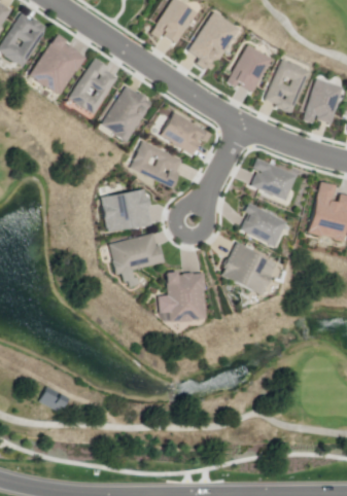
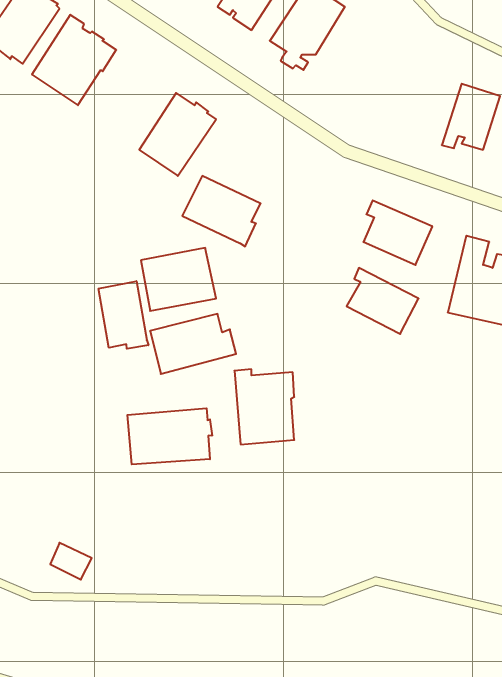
building: [227,44,273,93] -> none
building: [68,57,117,113] -> none
building: [265,59,310,112] -> none
building: [160,111,211,154] -> none
building: none -> [99,281,148,349]
building: [219,245,278,295] -> none
building: none -> [127,408,212,464]

